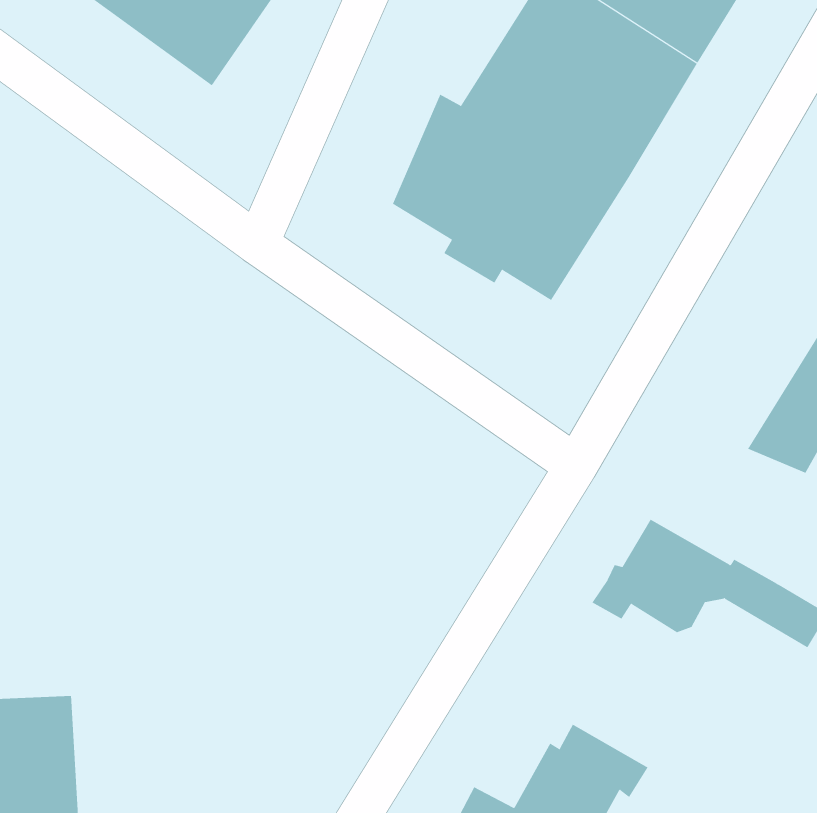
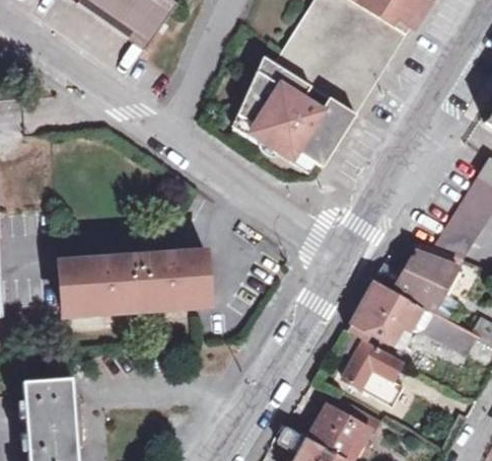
building: none -> [375,244,463,320]
building: none -> [56,250,208,307]
building: none -> [342,342,402,404]

